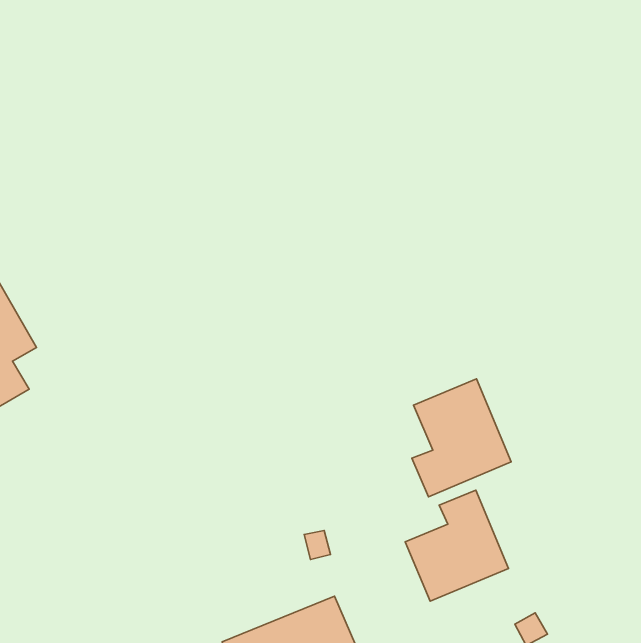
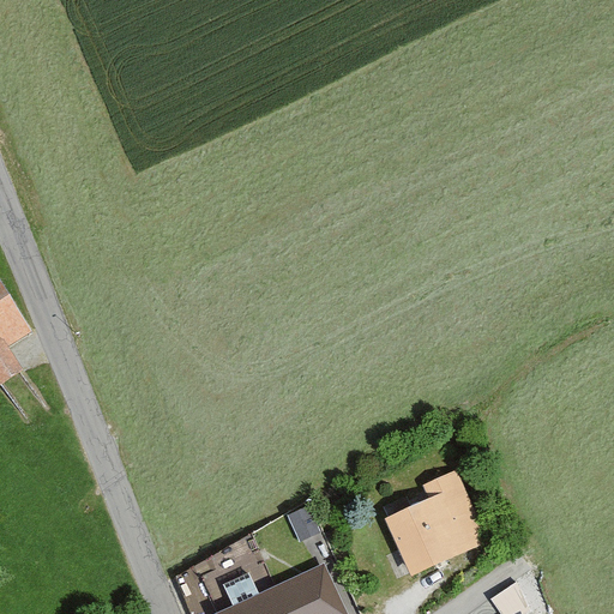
building: [412,379,511,497] -> none

